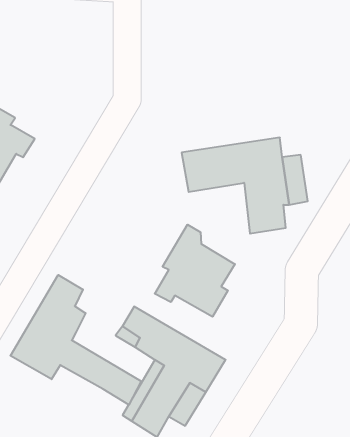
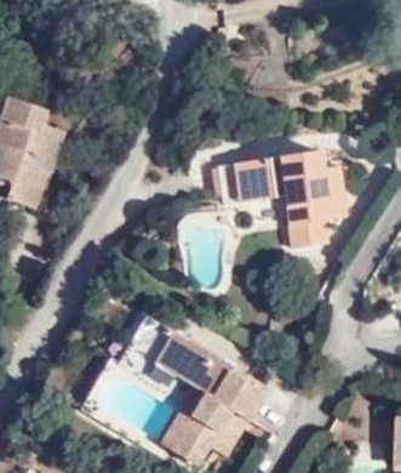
building: [155,225,235,317] -> none
building: [10,275,141,405] -> none

